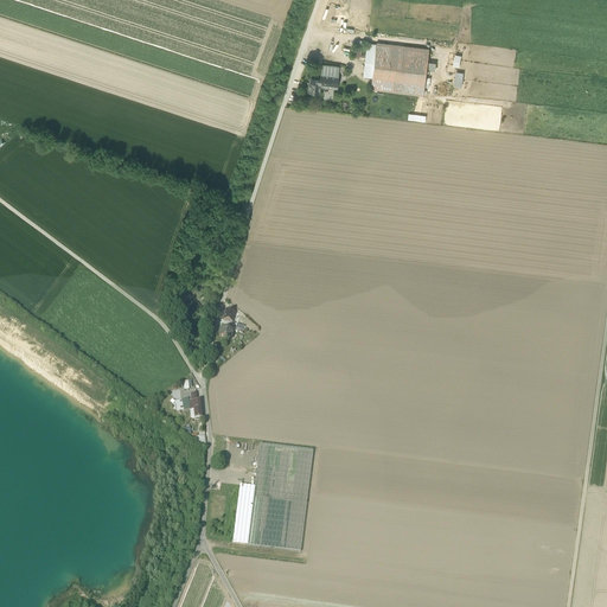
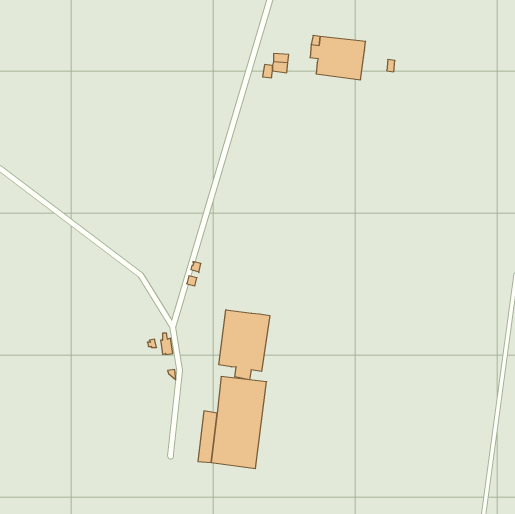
building: none -> [219,310,270,380]

